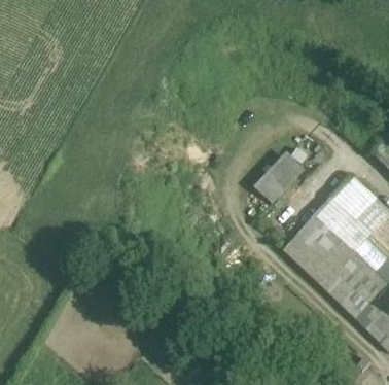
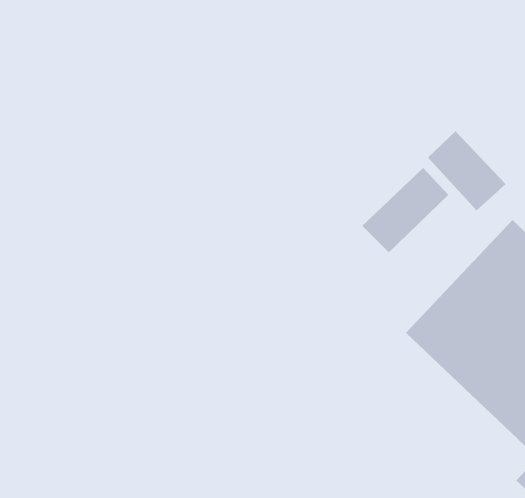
building: none -> [427,130,507,211]

